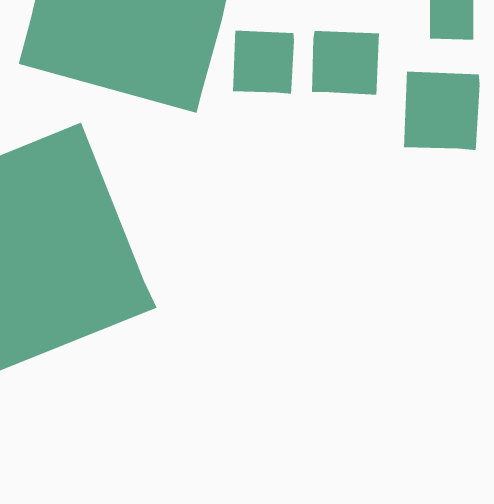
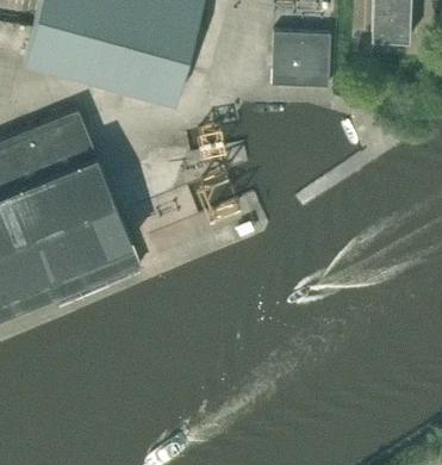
building: [233,30,294,94] -> none
building: [404,71,480,151] -> none

